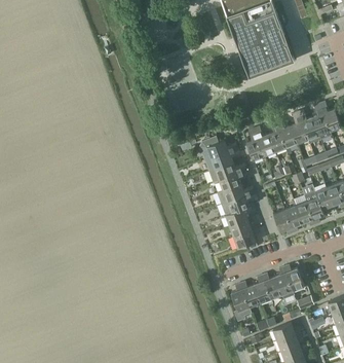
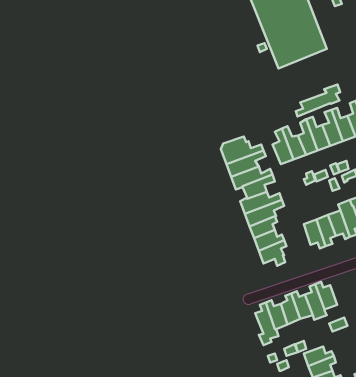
building: none -> [296,85,340,116]

